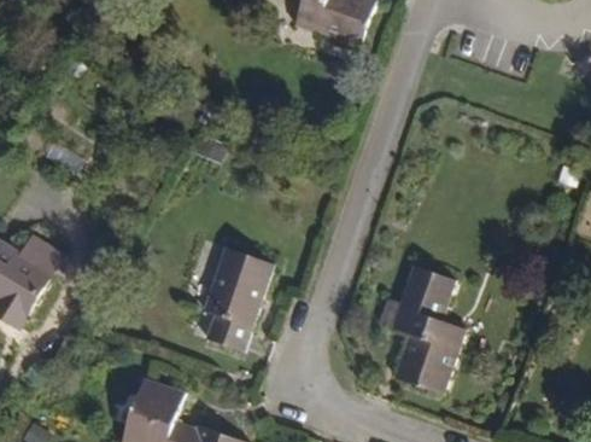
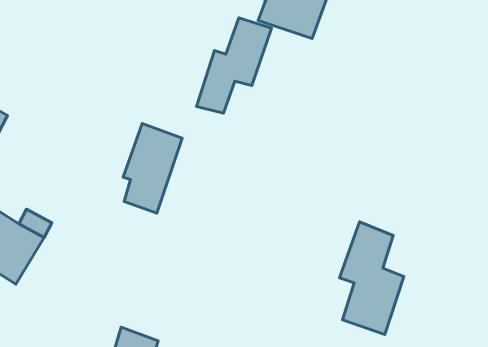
building: none -> [196,18,272,113]
building: [203,245,270,348] -> [123,124,182,213]

